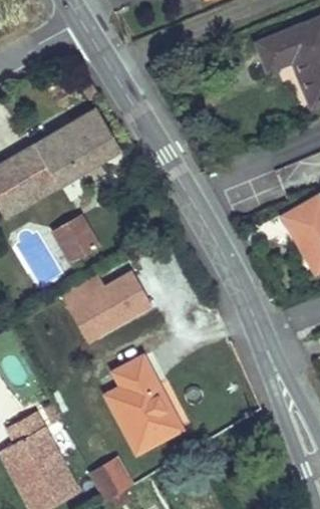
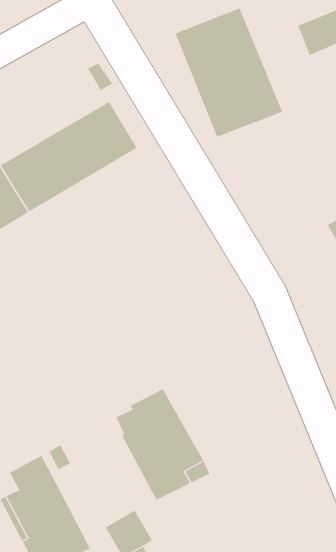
building: none -> [175,7,283,138]
building: [53,216,98,261] -> none
building: [60,265,152,341] -> none

